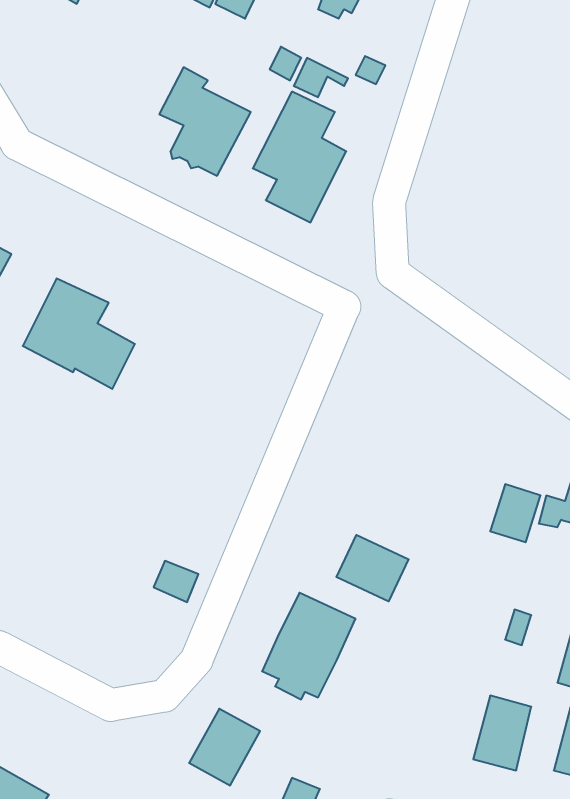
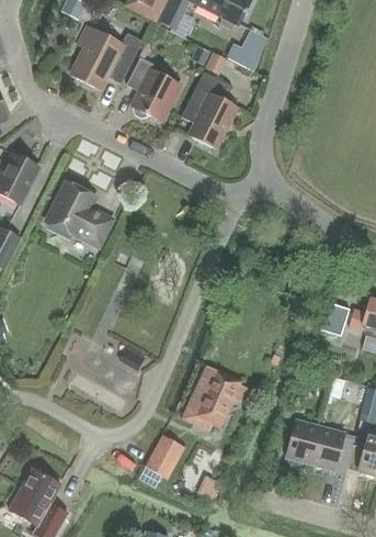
building: none -> [70,25,143,89]
building: [336,535,409,601] -> none
building: none -> [285,419,320,463]

